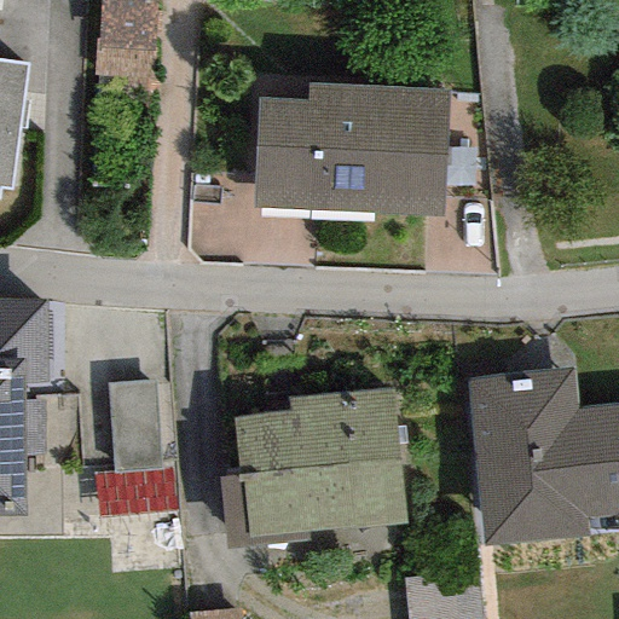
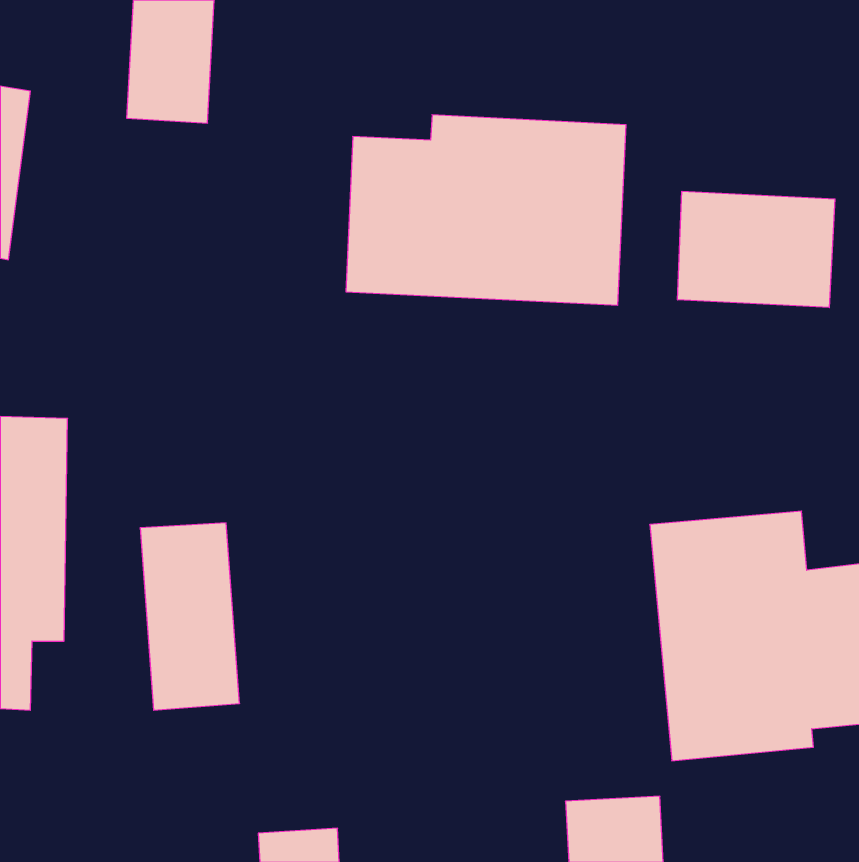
building: none -> [678,191,835,308]
building: [233,389,406,539] -> none

